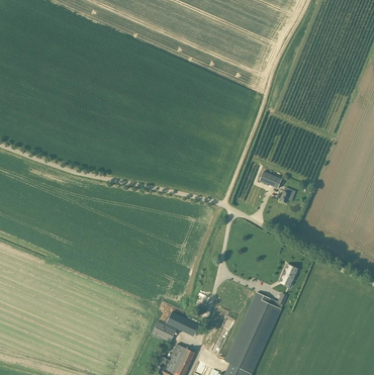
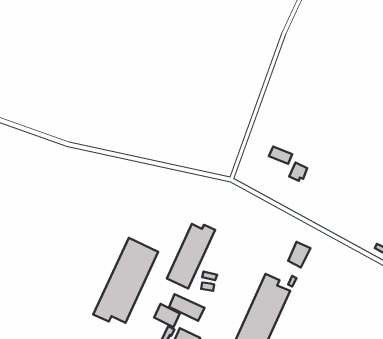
building: none -> [167,224,215,288]
building: none -> [93,238,158,323]

